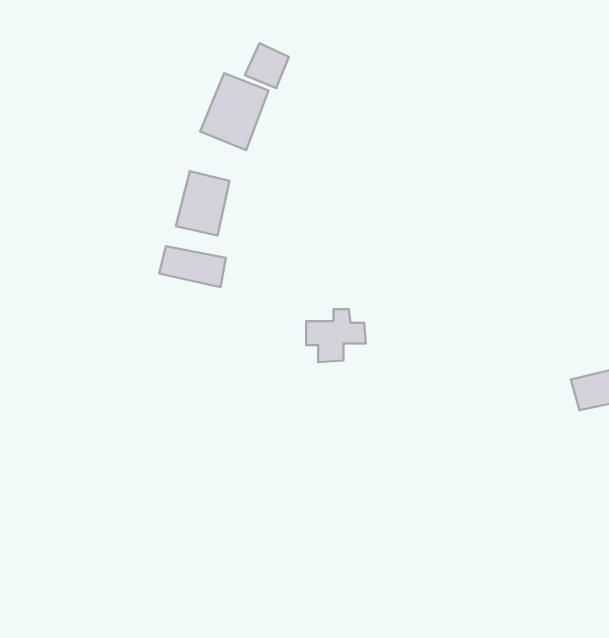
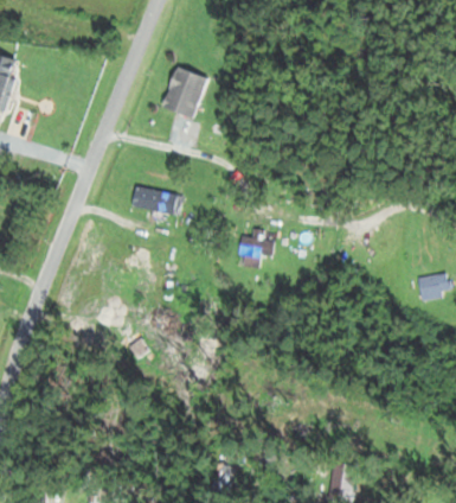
building: [245,43,289,88] -> none
building: [176,171,229,236] -> none

